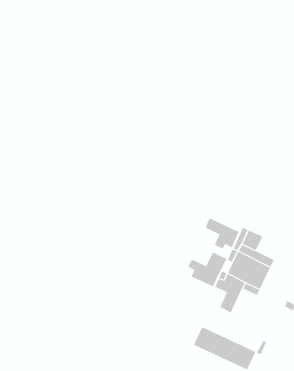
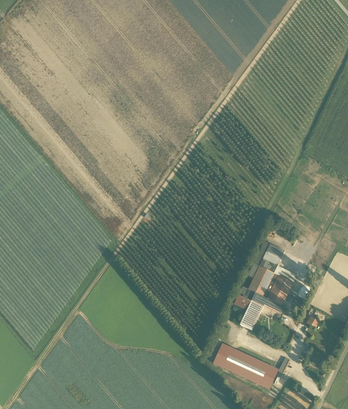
building: [205,218,239,249] -> none
building: [187,252,227,287] -> none

